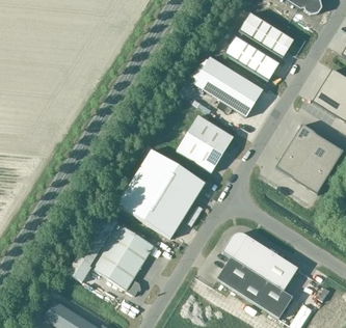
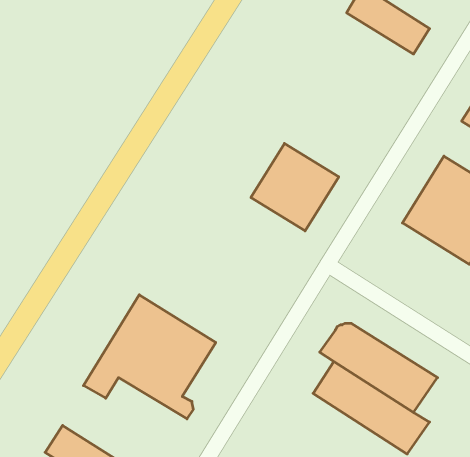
building: [223,35,278,81] -> none
building: [191,56,262,116] -> none
building: [115,149,204,238] -> none

